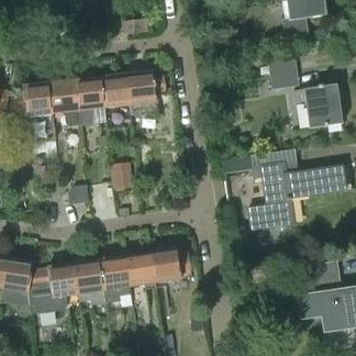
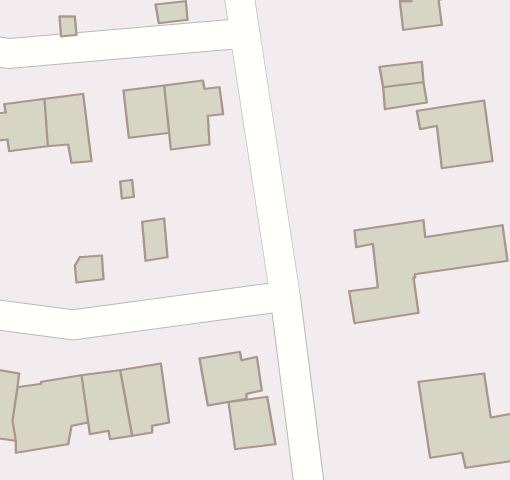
building: [75,77,104,124] -> none
building: [125,252,156,286] -> [228,397,276,449]

